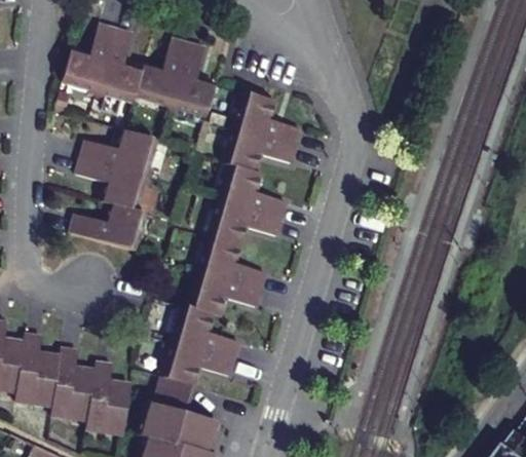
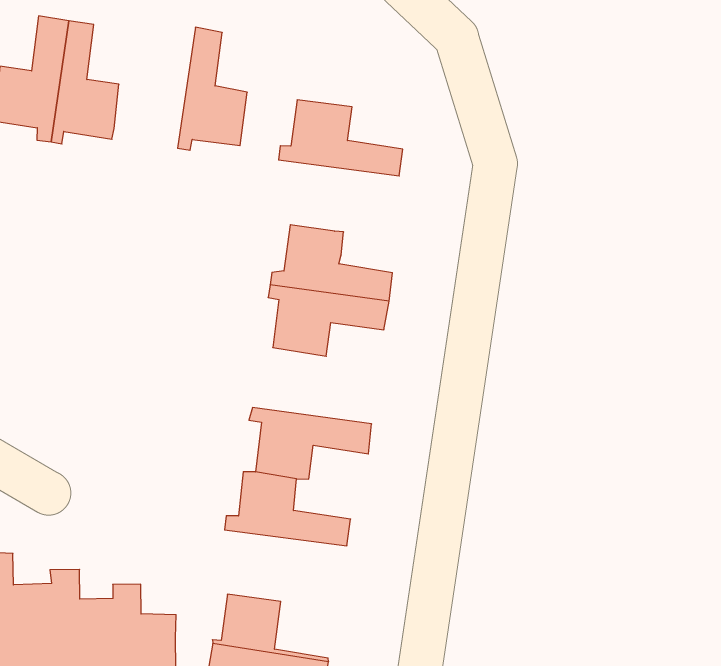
building: [133,36,188,111] -> none
building: [223,125,297,172] -> none
building: [69,130,155,252] -> none
building: [193,235,267,288] -> none
building: [164,339,238,385] -> none

